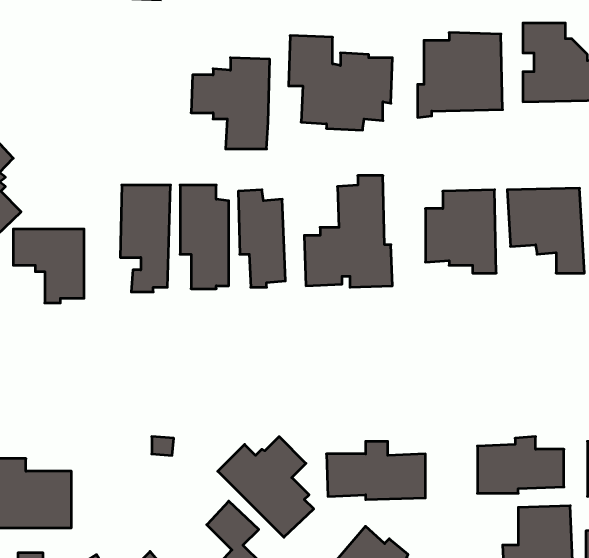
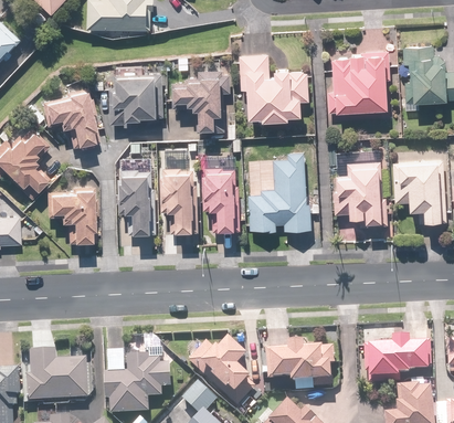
building: none -> [109,65,159,125]
building: none -> [41,85,97,144]
building: none -> [106,351,171,413]

